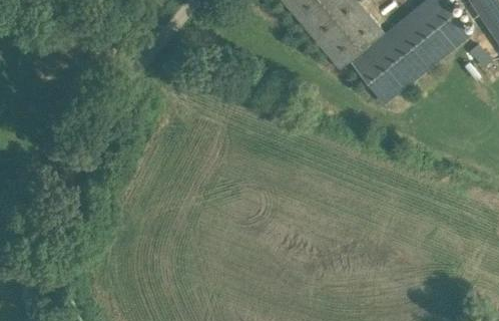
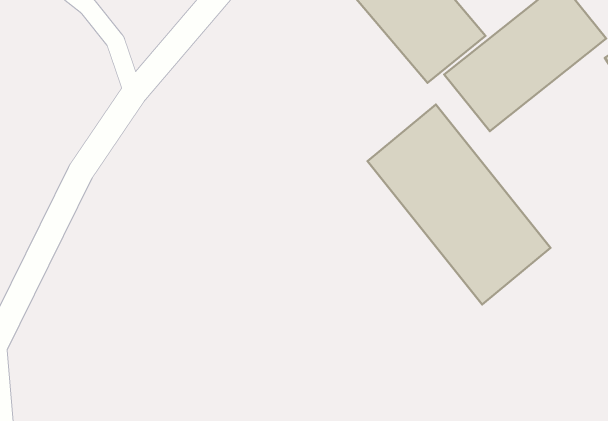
building: none -> [368,104,550,305]

